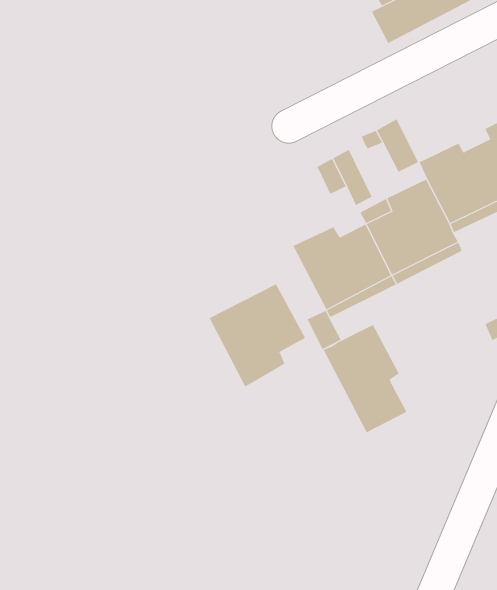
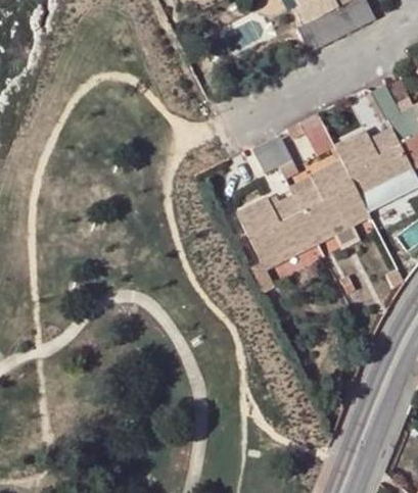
building: [209,283,306,387] -> none
building: [323,324,407,433] -> none

